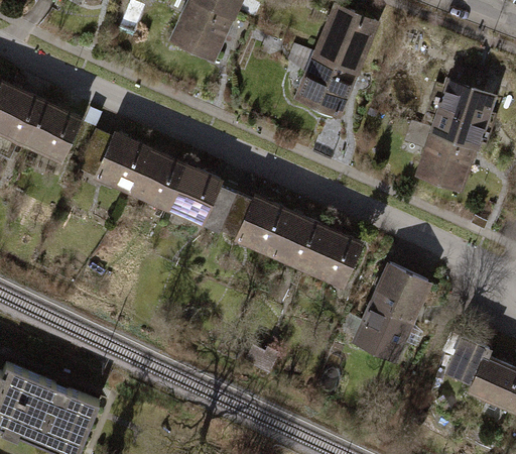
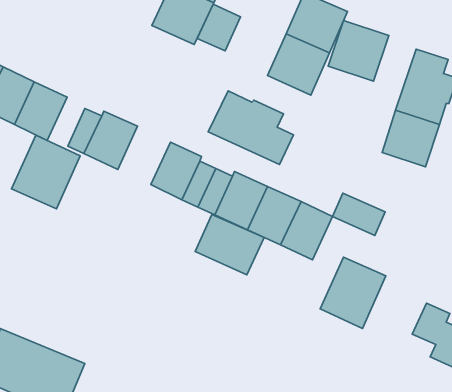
building: none -> [197,4,241,51]
building: none -> [328,20,389,81]
building: none -> [208,91,294,165]
building: [134,148,190,211] -> none
building: none -> [11,135,80,209]
building: none -> [195,215,264,275]
building: [376,263,432,309] -> [332,193,385,235]

